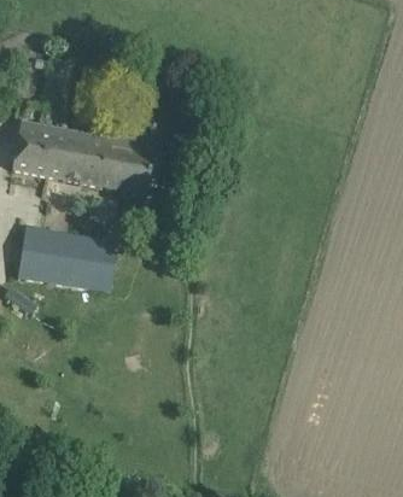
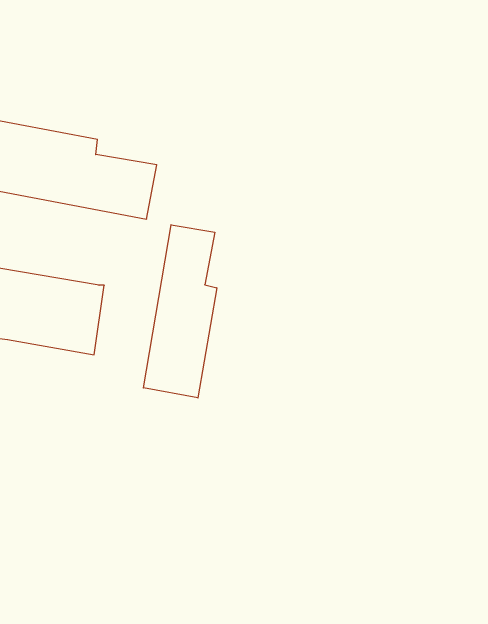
building: none -> [143,225,217,398]

